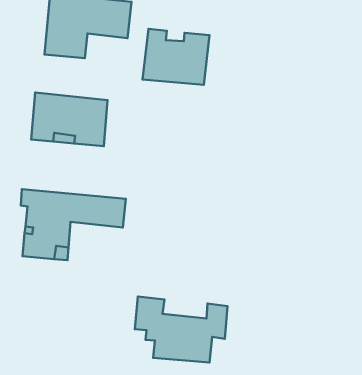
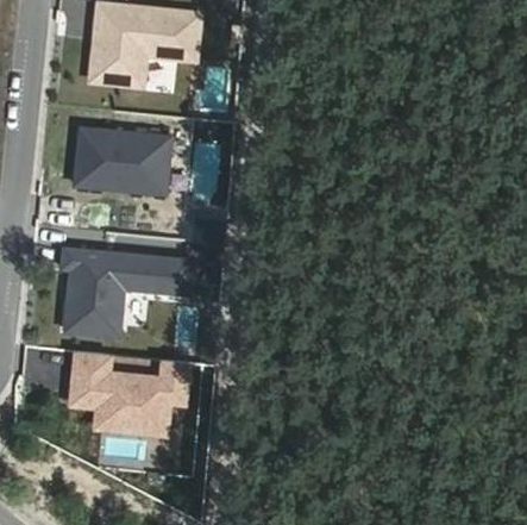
building: [143,29,209,85] -> none
building: [135,297,228,363] -> [71,351,187,433]

